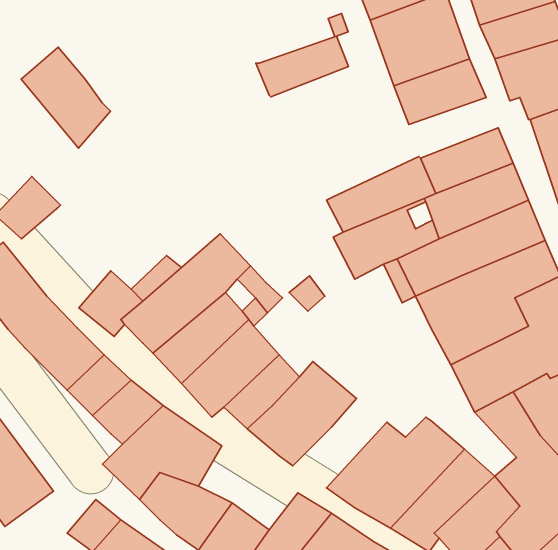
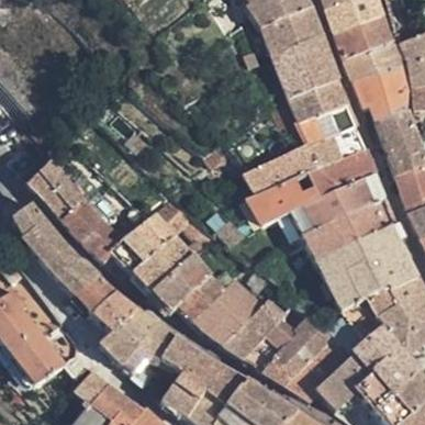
building: [256,36,348,97] -> [295,105,356,145]
building: [21,47,110,148] -> [45,177,103,243]
building: none -> [222,298,287,360]
building: none -> [160,333,225,388]

